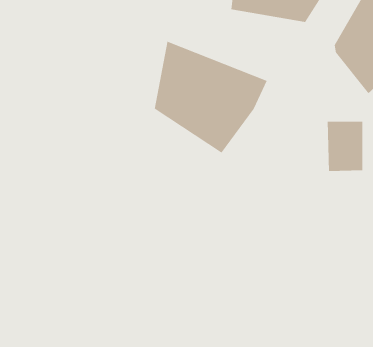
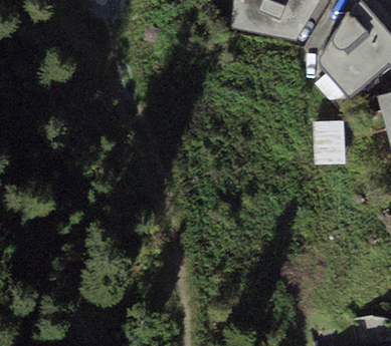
building: [154,41,268,154] -> none

